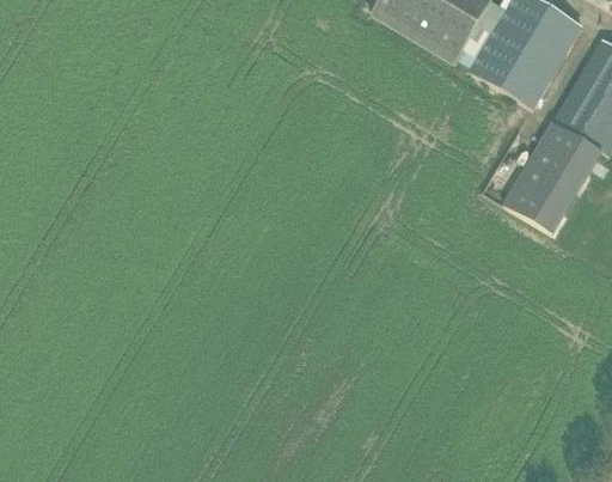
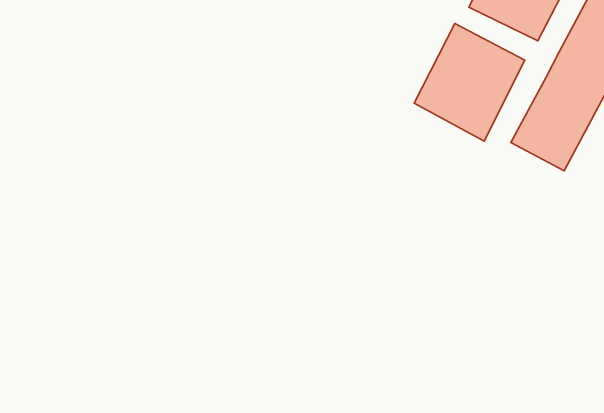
building: none -> [414,24,525,141]

